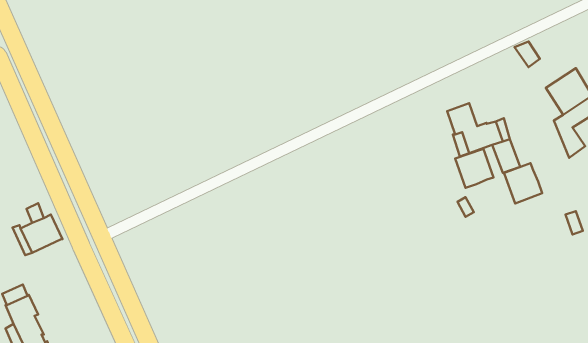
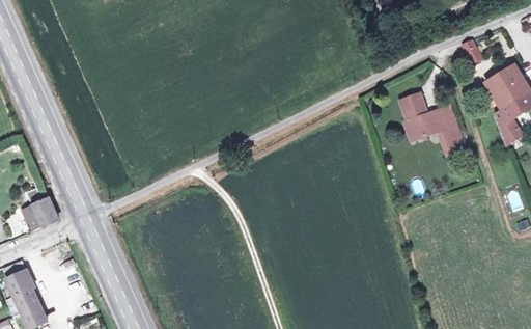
building: [455,148,493,188] -> none
building: [504,163,542,203] -> none

